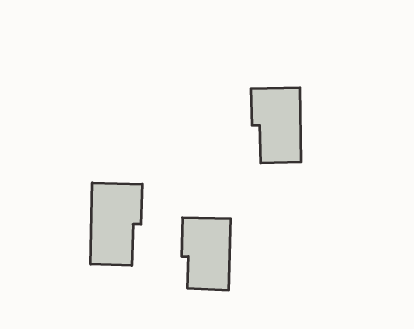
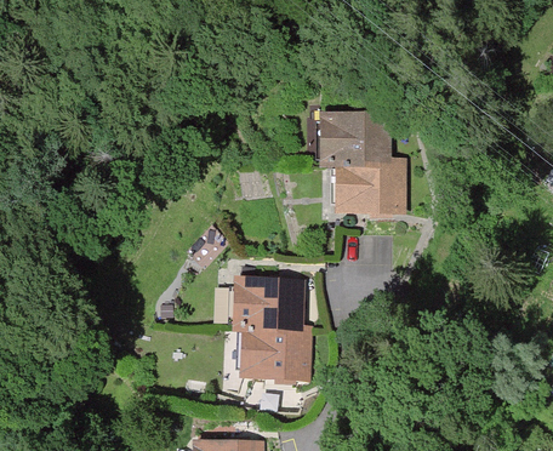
building: [91,183,142,266] -> none

